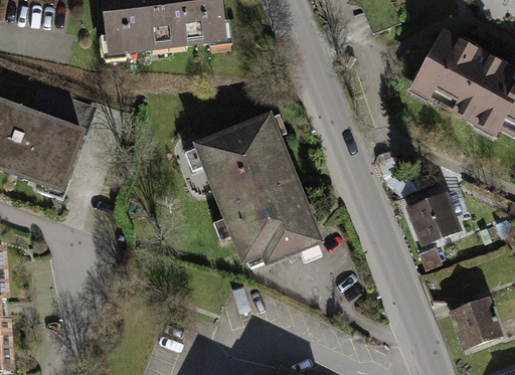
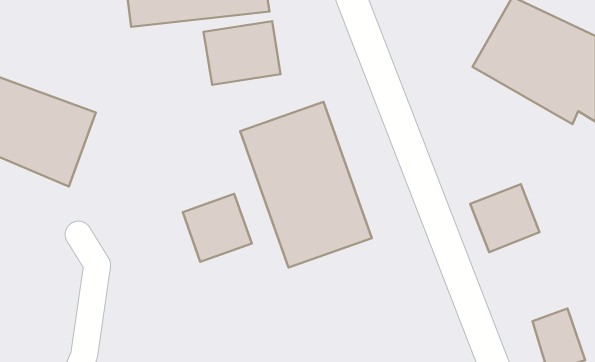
building: none -> [204,21,281,85]
building: none -> [183,194,252,262]

